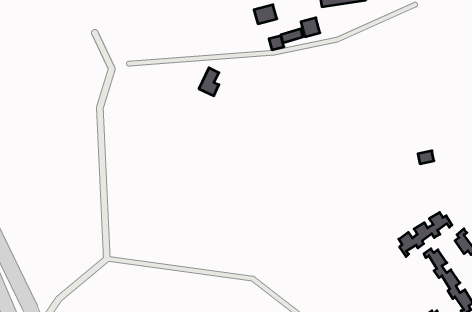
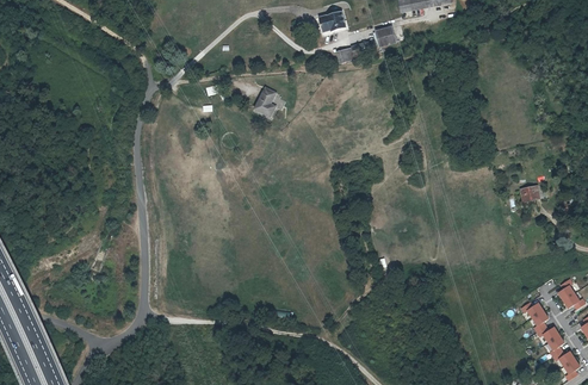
building: [399,212,452,257] -> none

